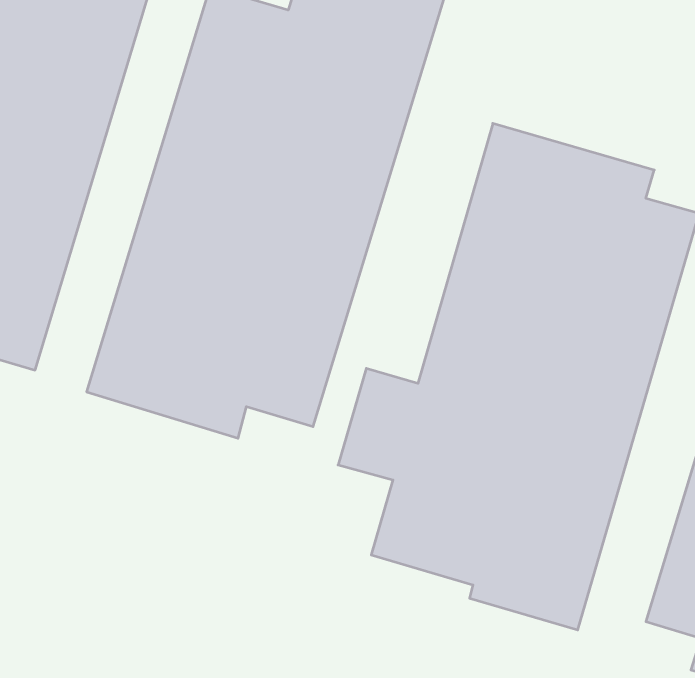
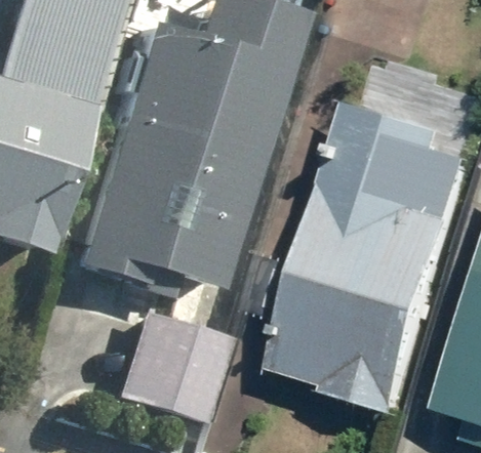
building: none -> [122,310,234,422]

